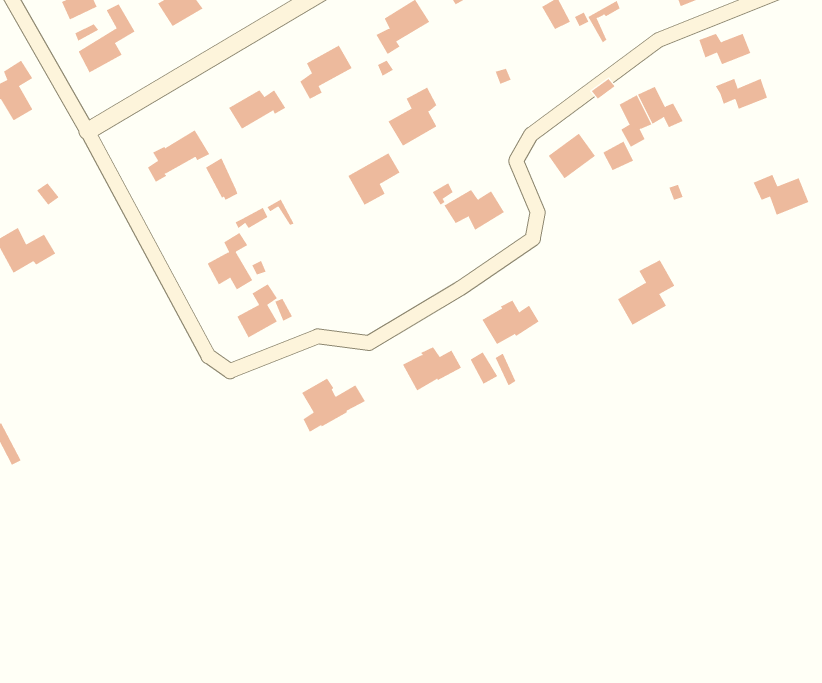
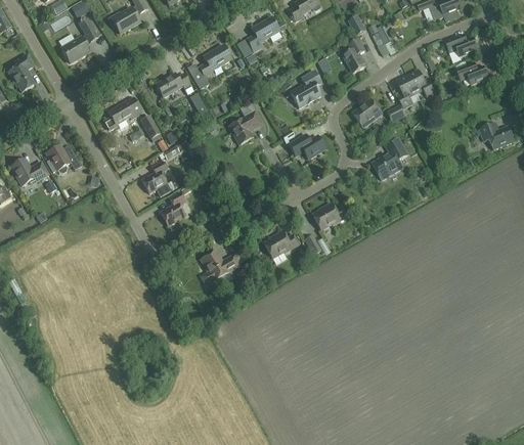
building: none -> [343,39,365,73]
building: [388,87,437,146] -> [290,70,320,106]
building: none -> [45,143,81,173]
building: [617,259,675,326] -> [372,138,407,179]

